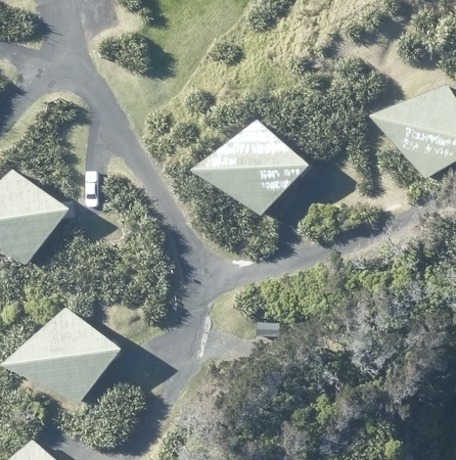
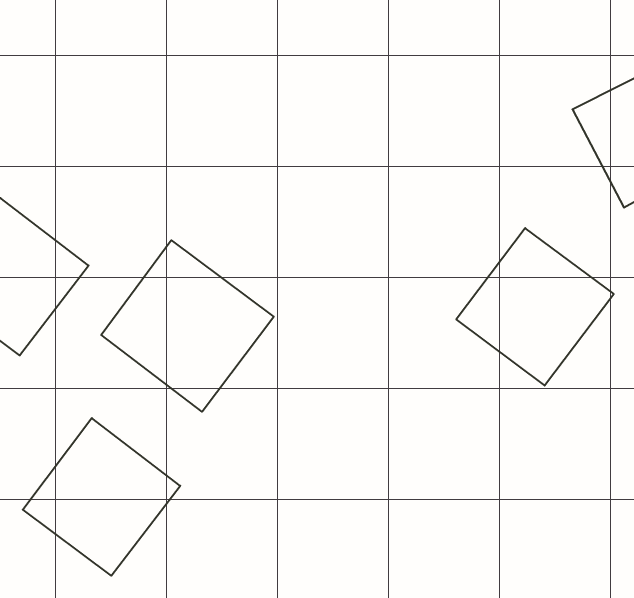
building: [199,110,300,211] -> [456,228,614,386]
building: none -> [101,240,274,412]

